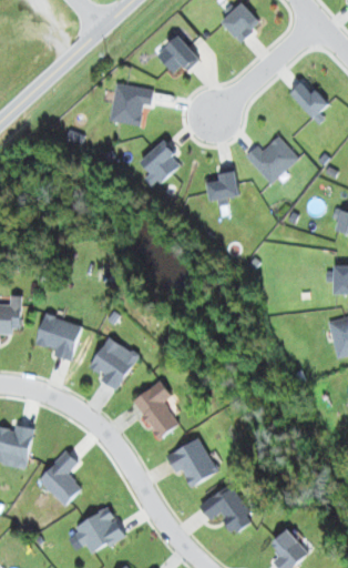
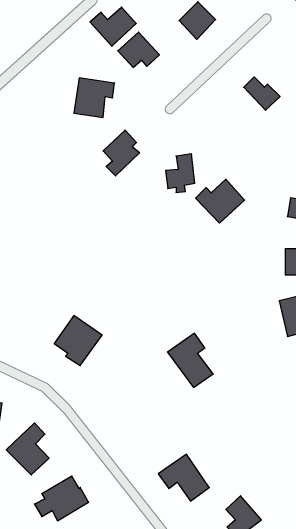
building: none -> [90,7,136,46]
building: [245,135,297,182] -> [196,179,245,223]
building: [35,314,82,362] -> none
building: [131,381,180,438] -> [167,333,213,387]
building: [165,436,218,487] -> none

